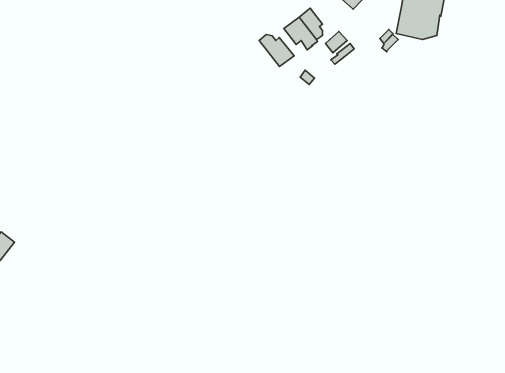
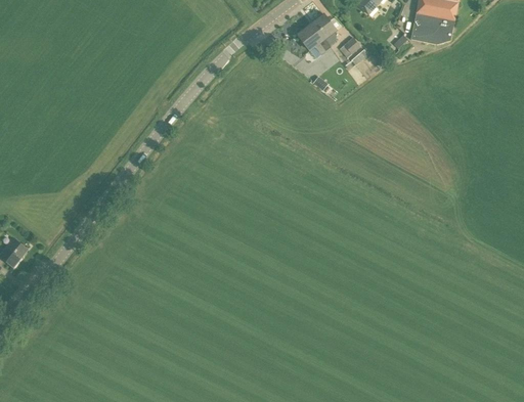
building: [259,34,294,67] -> none

